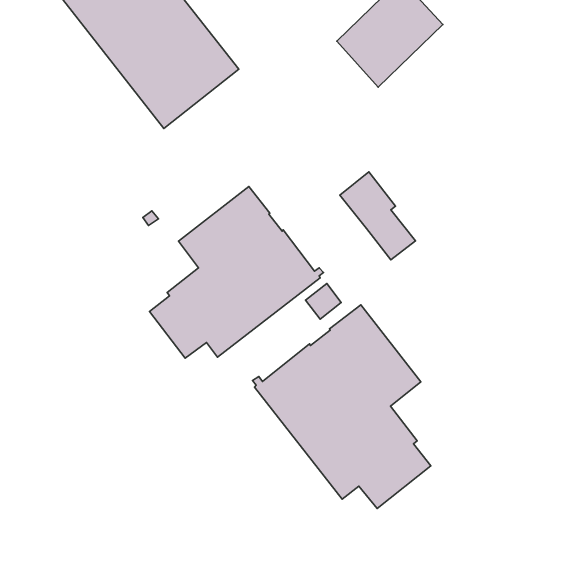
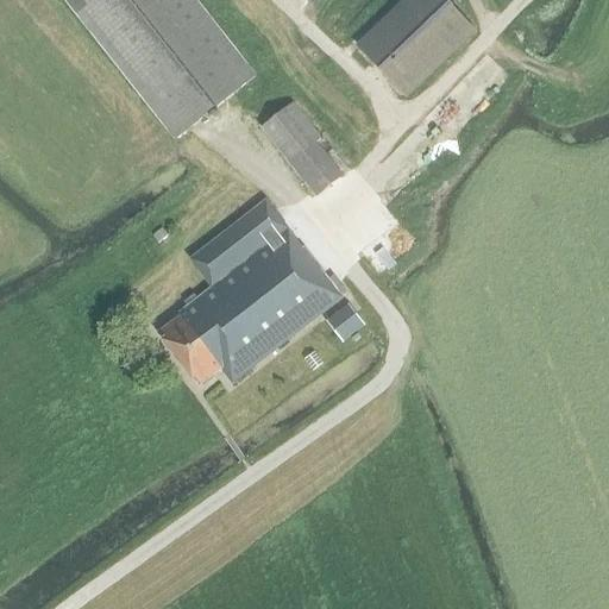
building: [340,172,416,260] -> [260,100,341,194]
building: [252,305,431,508] -> none

